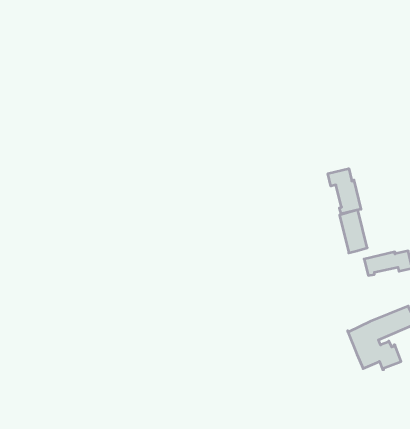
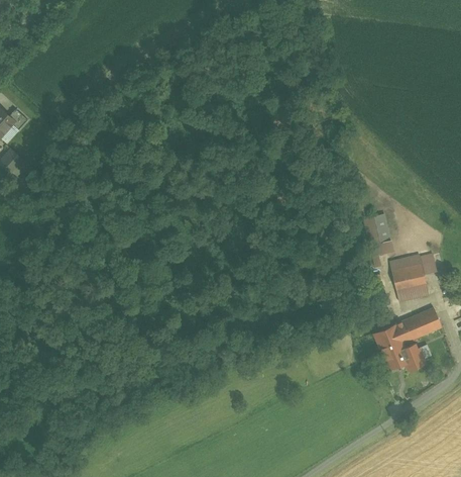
building: [328,169,361,214] -> none
building: none -> [393,271,429,302]

